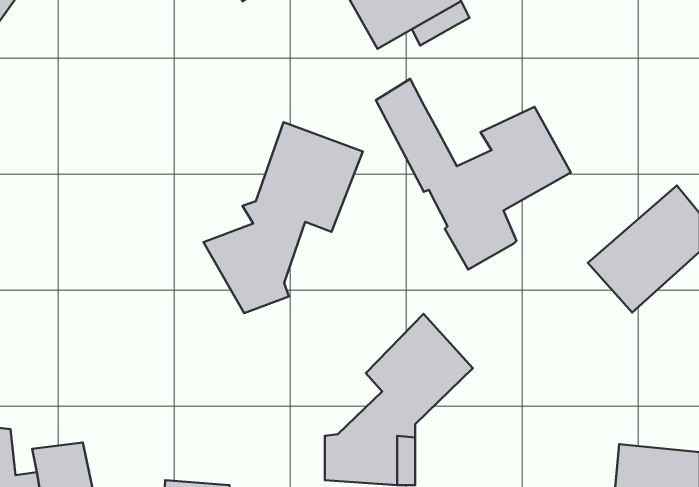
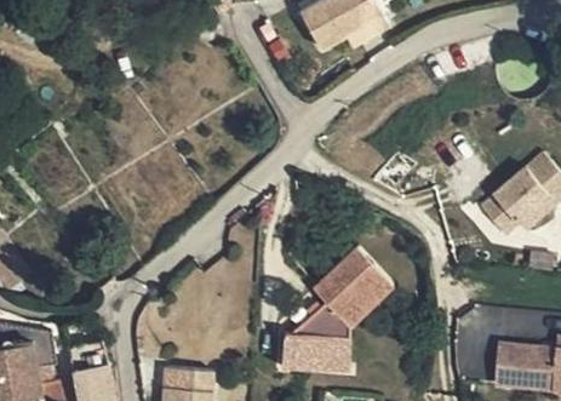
building: [376,79,571,269] -> none
building: [203,122,363,313] -> none

